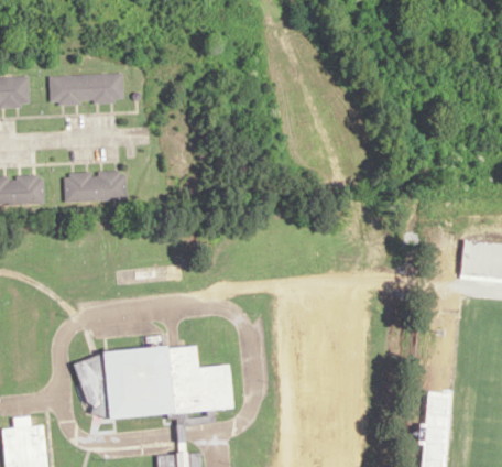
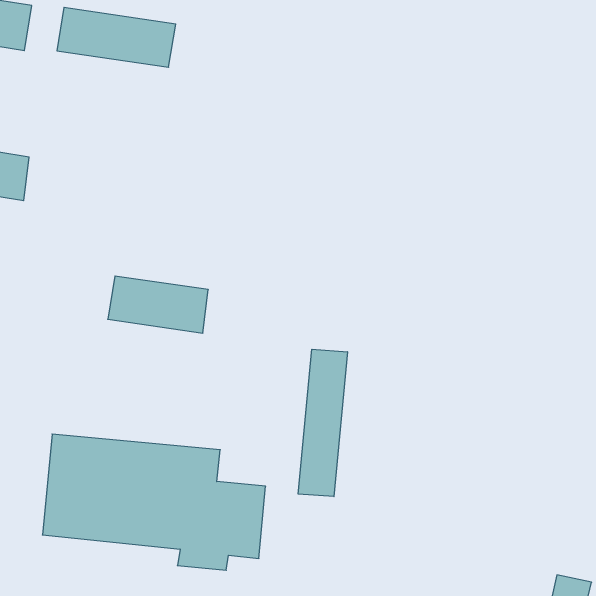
building: [64,172,127,202] -> [108,276,208,333]
building: none -> [298,349,347,497]

